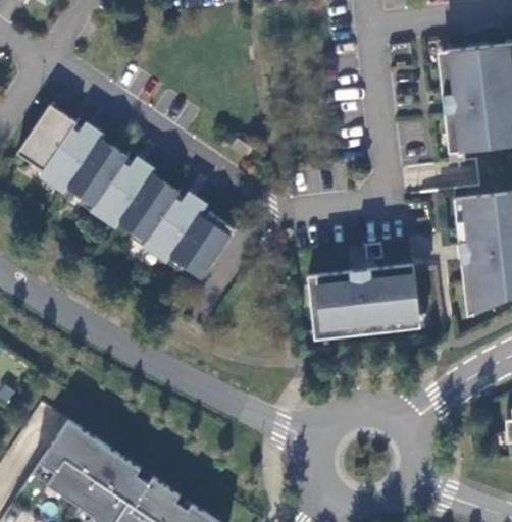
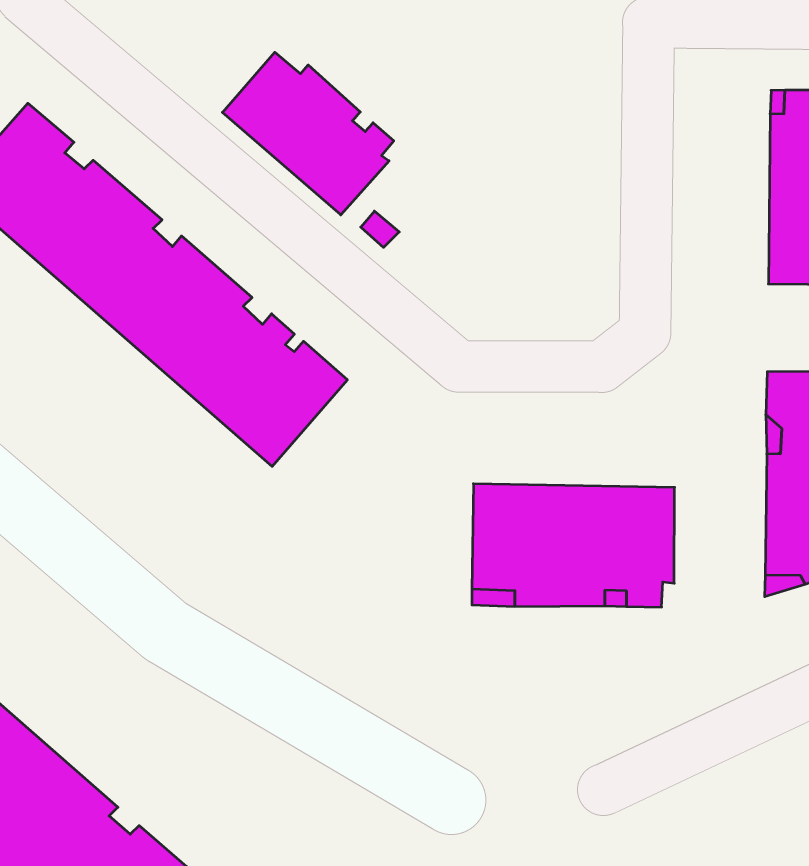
building: none -> [222,52,394,215]

